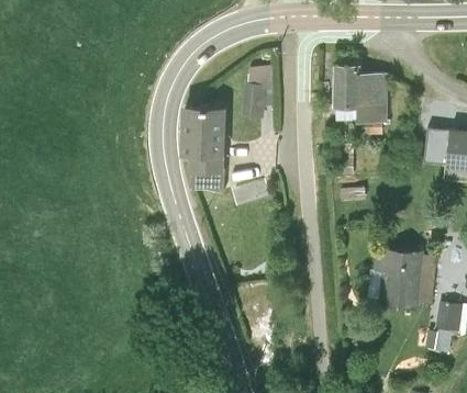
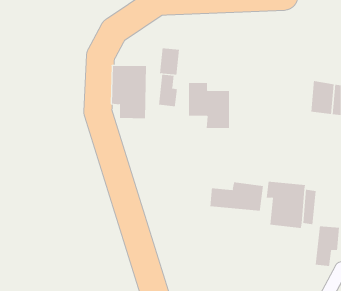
building: [334,63,386,120] -> [188,82,230,129]
building: none -> [159,74,178,107]
building: none -> [210,182,263,211]

